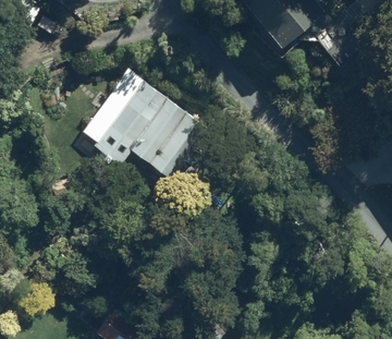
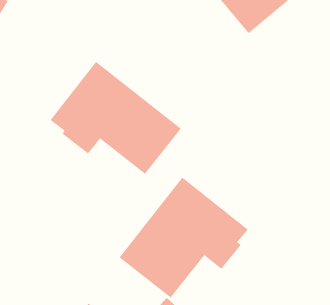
building: none -> [118,177,249,299]

